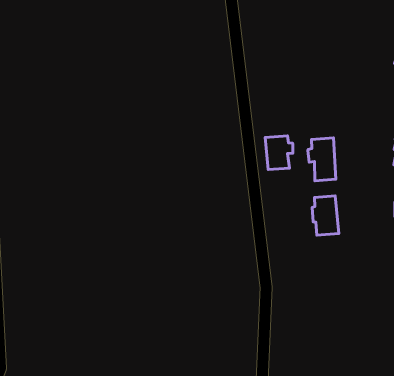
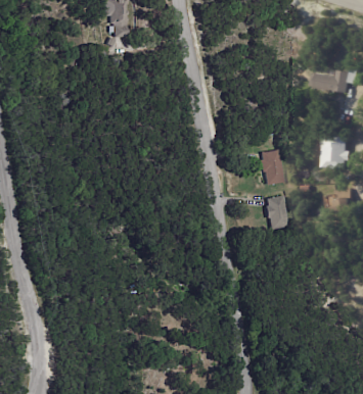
building: [265,136,293,170] -> none

